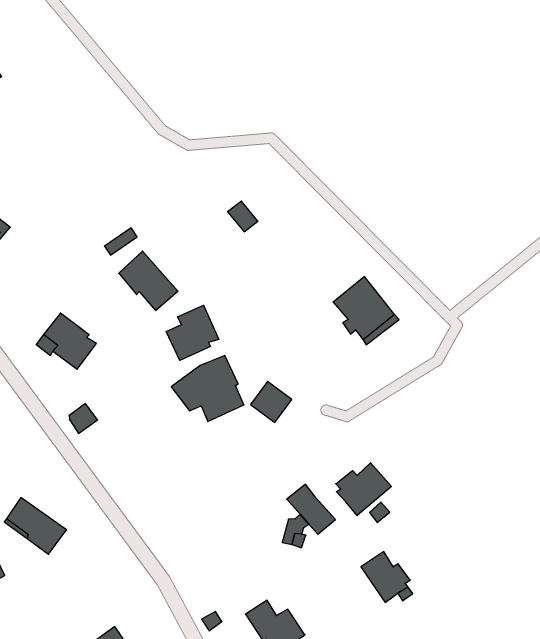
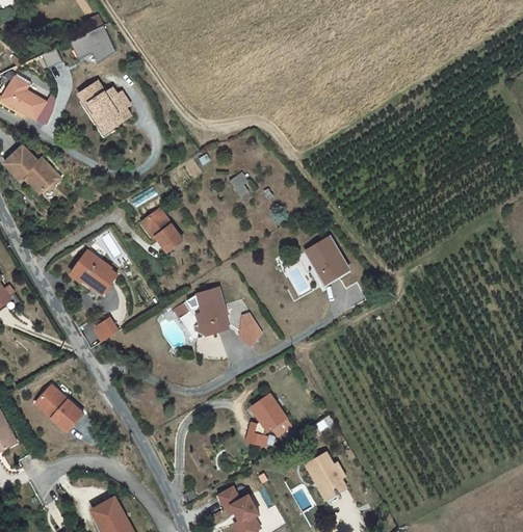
building: none -> [71,25,116,63]
building: none -> [78,83,129,134]
building: [166,305,219,360] -> none
building: [336,463,391,516] -> none

